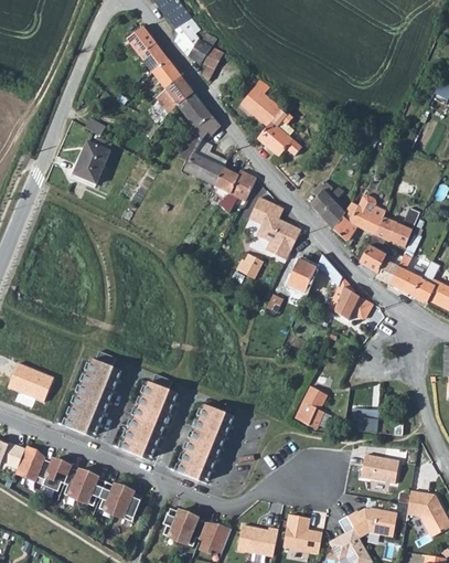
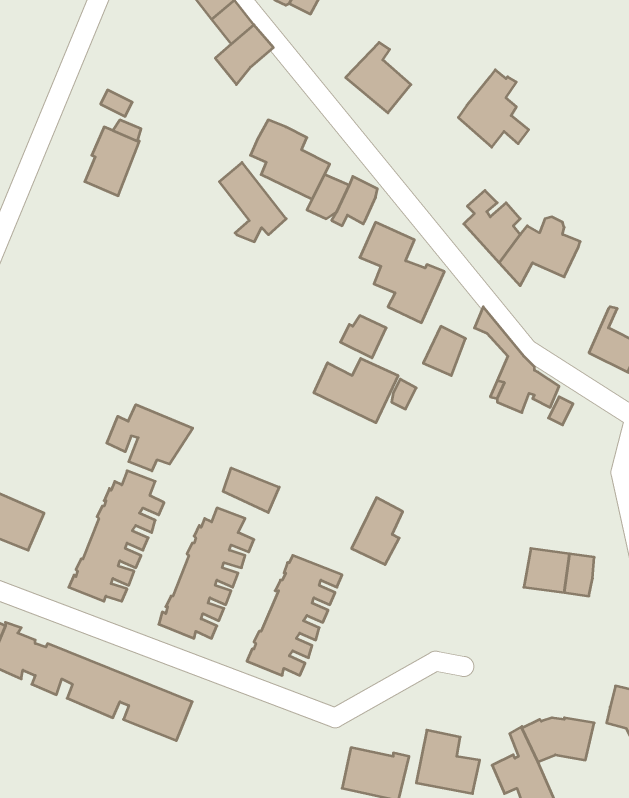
building: [178,88,220,138] -> [219,162,286,242]
building: [258,107,302,156] -> [458,70,529,147]
building: [363,213,409,279] -> none
building: none -> [314,358,398,423]
building: none -> [107,405,193,471]
building: none -> [223,468,279,513]
building: [291,391,323,433] -> [352,498,403,565]
building: [361,454,397,482] -> none
building: [163,503,232,550] -> none

